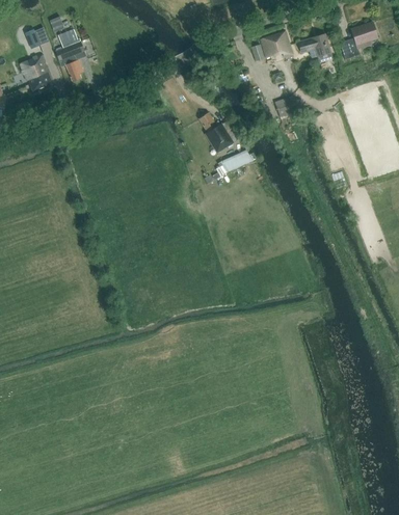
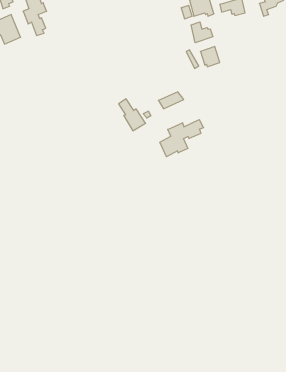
building: none -> [191,22,213,43]
building: [200,112,233,152] -> [119,99,146,131]
building: none -> [160,120,204,157]

